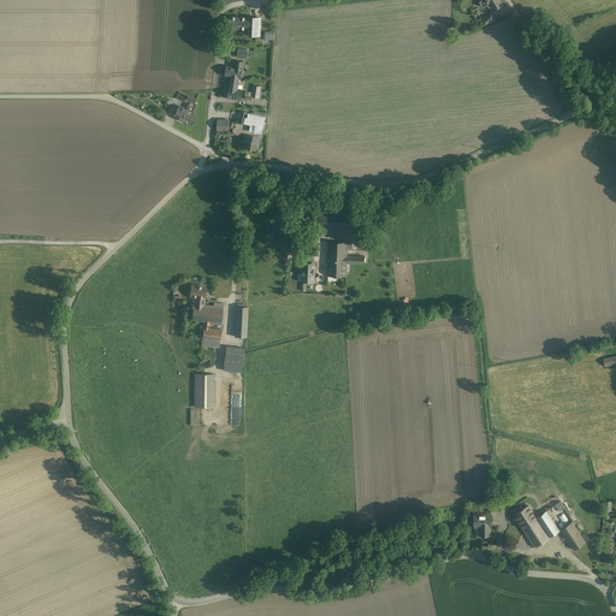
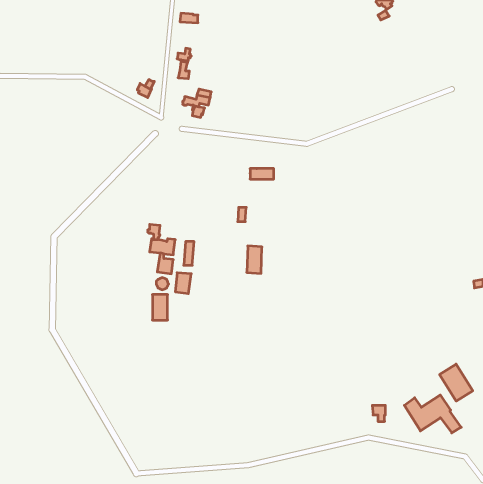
building: [327,242,346,277] -> [247,246,262,273]
building: none -> [440,364,473,401]

